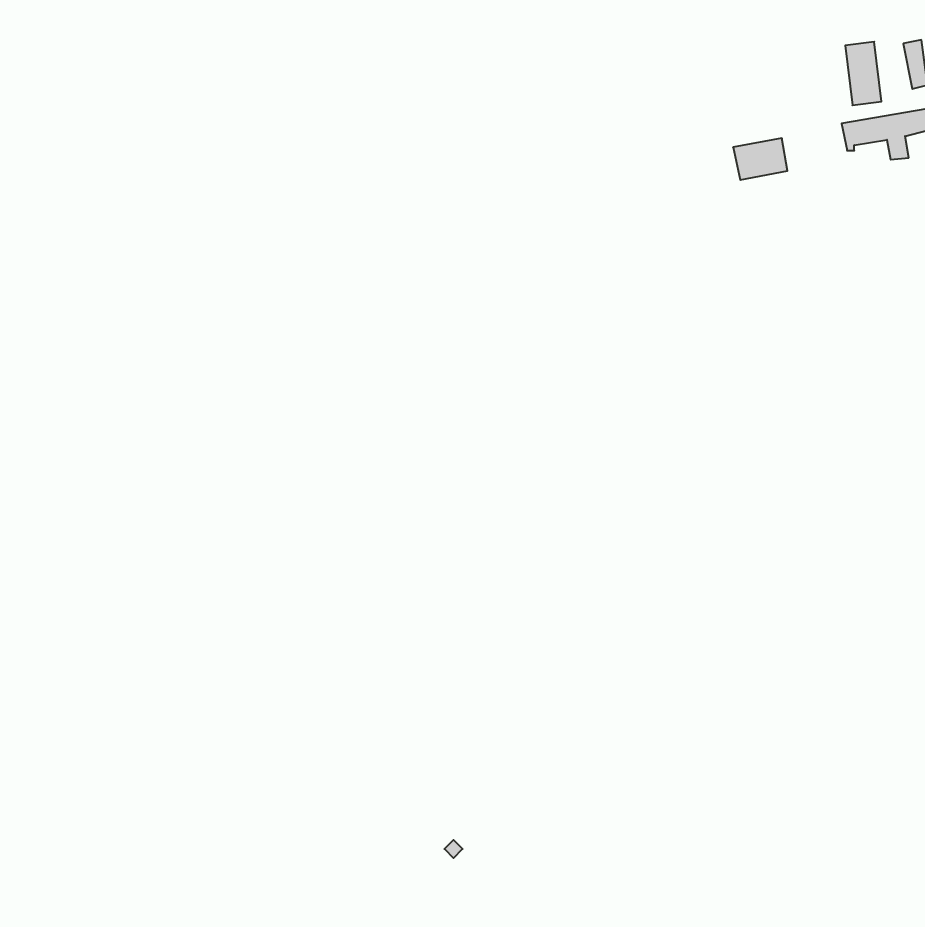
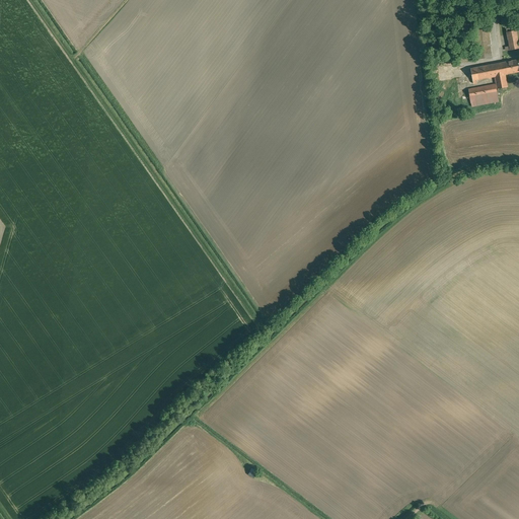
building: [733,138,787,180] -> [469,84,500,107]

